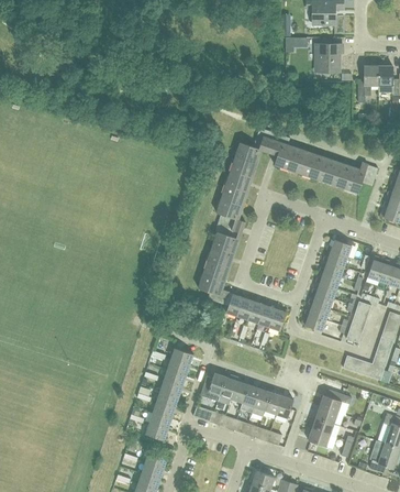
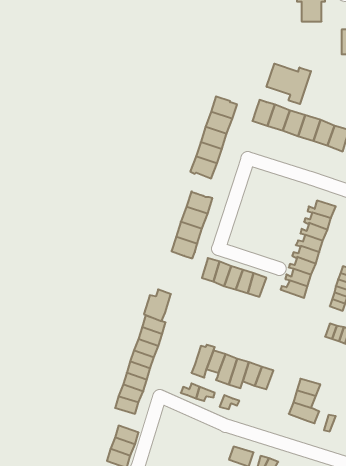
building: none -> [267,64,311,104]
building: [200,371,225,401] -> [144,289,171,321]
building: [319,389,352,415] -> none

